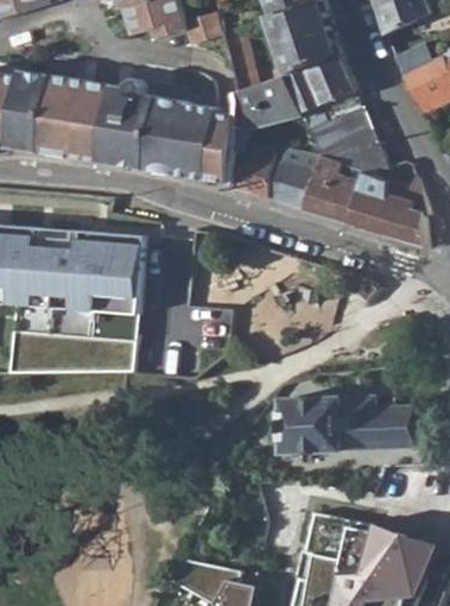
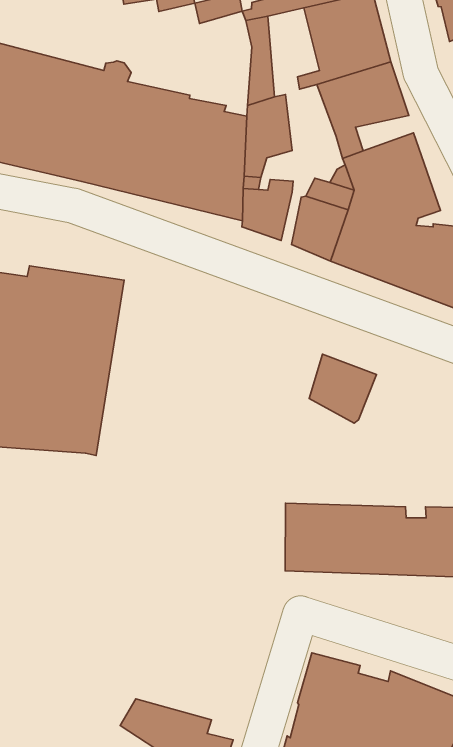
building: [259,75,300,127] -> none
building: none -> [309,354,376,423]

